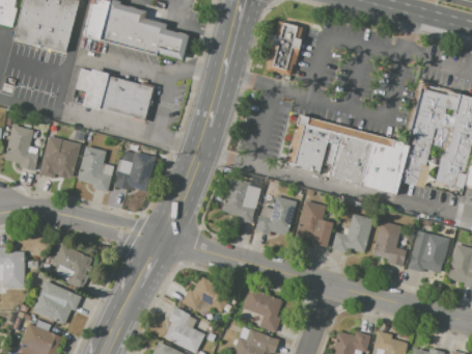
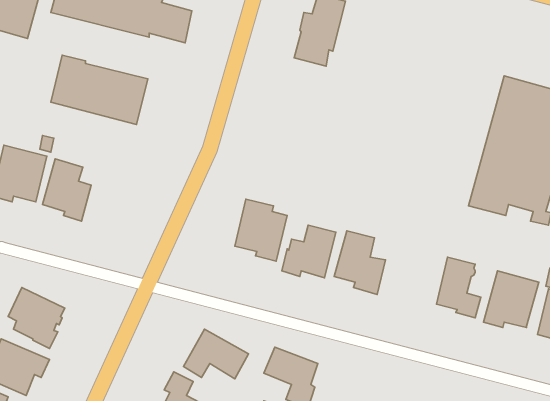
building: [285,115,407,194] -> none
building: [114,149,156,192] -> none
building: [332,214,373,252] -> none

